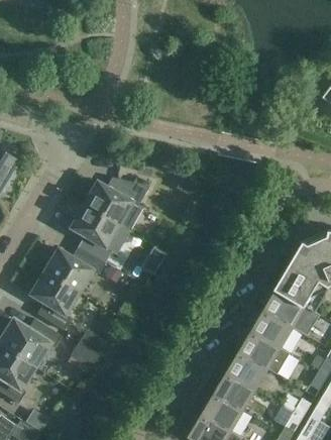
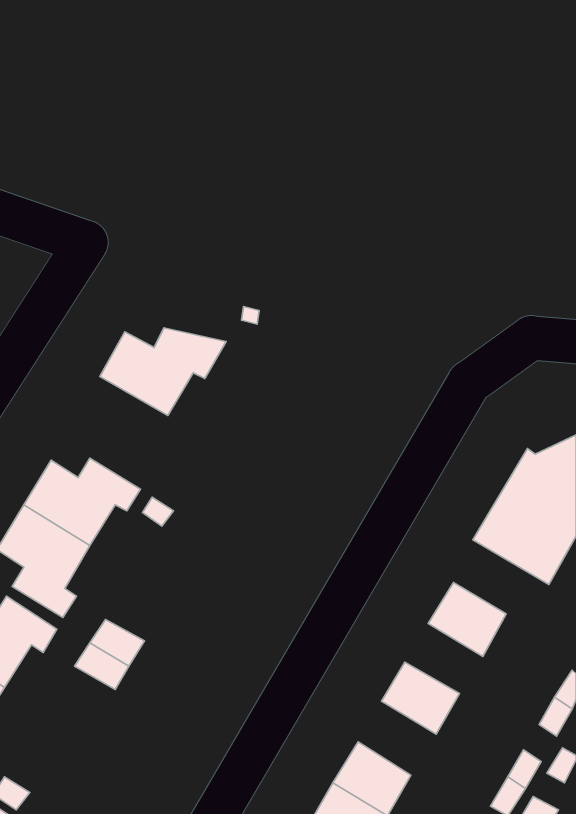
building: [68,205,117,263] -> none
building: [265,290,319,336] -> none
building: [240,333,281,369] -> none
building: [216,373,256,412] -> none

